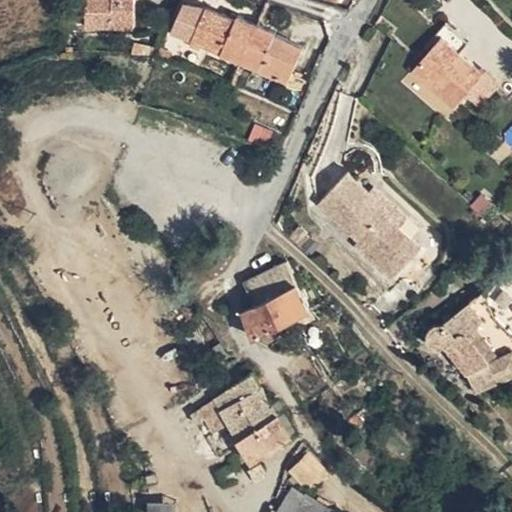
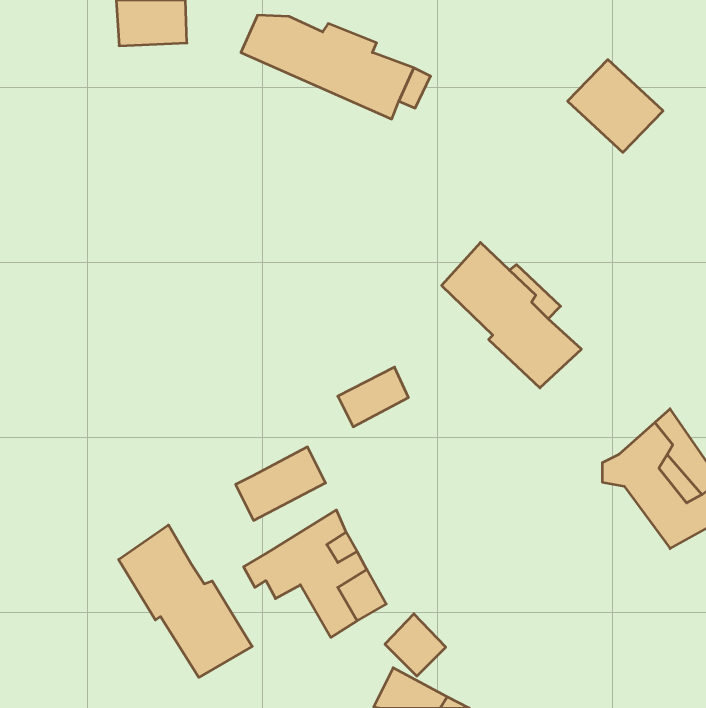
building: [244,287,309,340] -> [236,447,326,520]
building: none -> [119,525,252,677]

